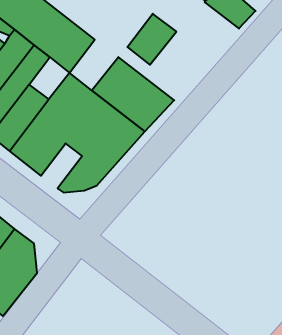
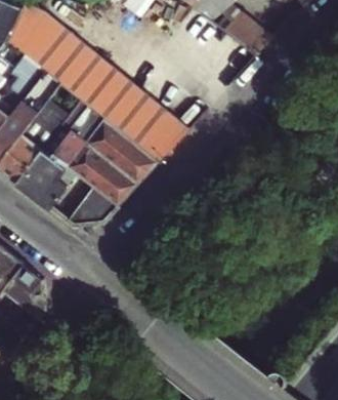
building: [127,14,176,65] -> [81,65,132,118]

